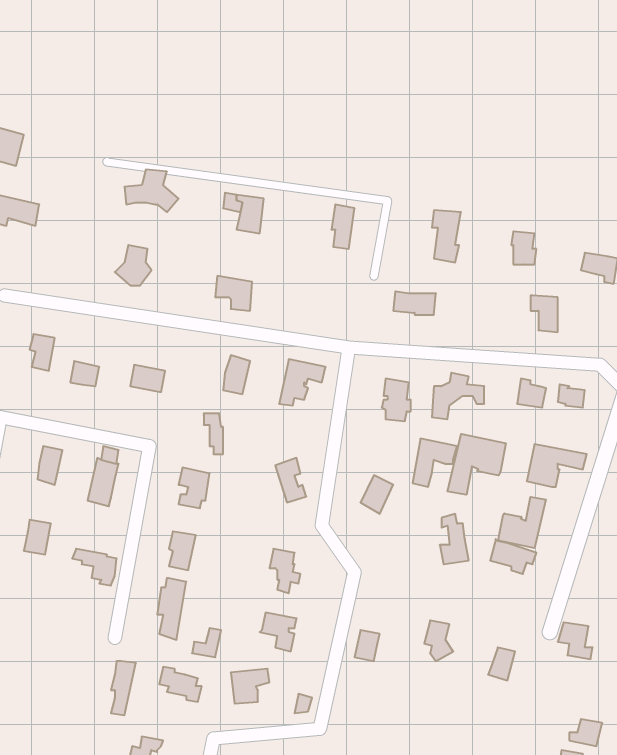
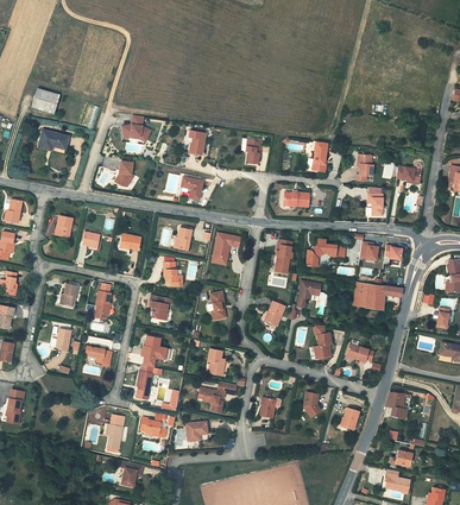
building: [447,434,506,495] -> none
building: [498,497,546,548] -> none

